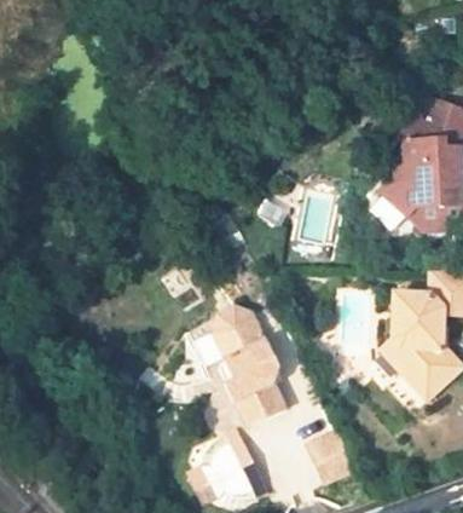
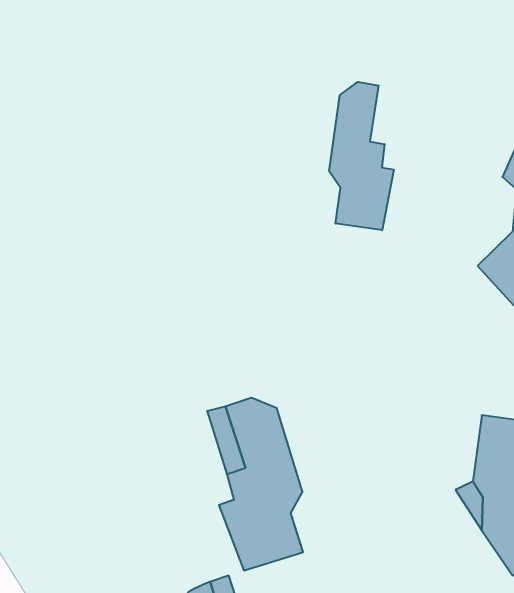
building: none -> [329,82,394,230]

